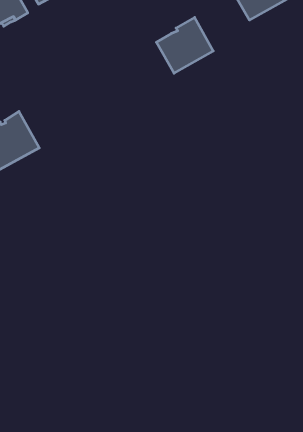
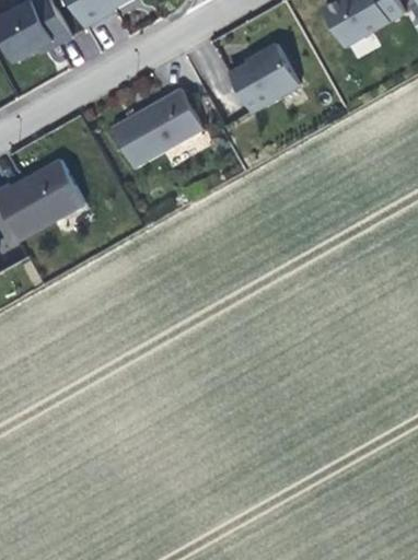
building: none -> [109,89,202,167]

